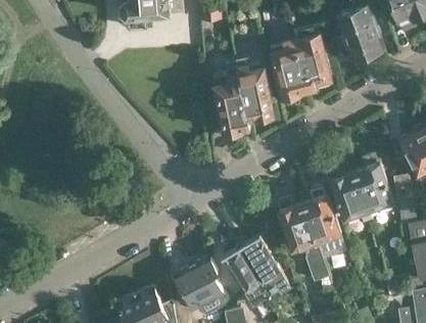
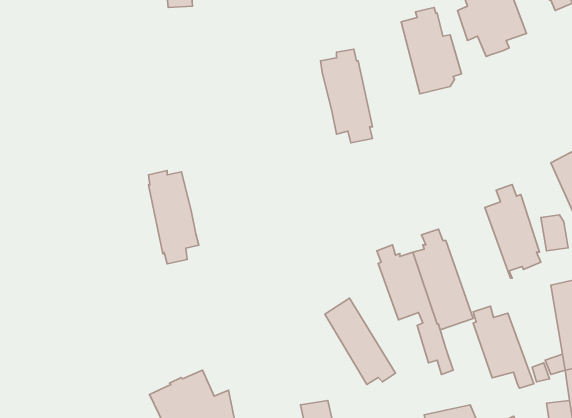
building: [271,39,307,101] -> none
building: [215,74,250,140] -> [148,170,199,264]
building: [329,166,372,224] -> [473,306,534,388]
building: [222,246,270,302] -> none
building: [175,258,226,315] -> none

